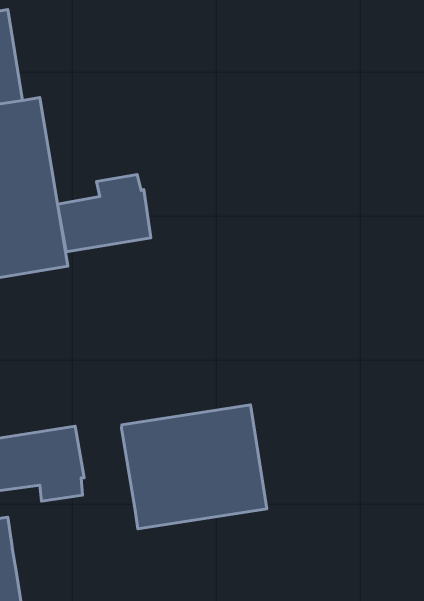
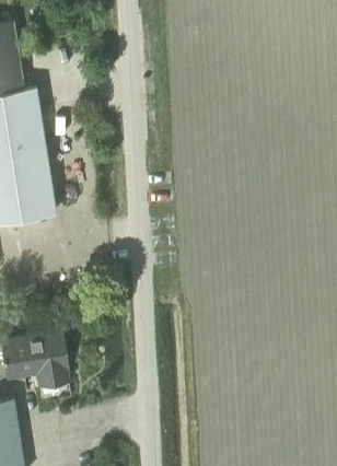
building: [58,174,151,252] -> none
building: [121,405,267,529] -> none

